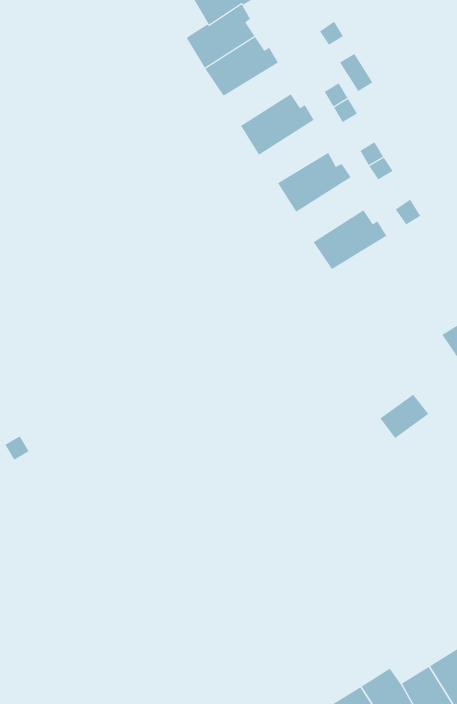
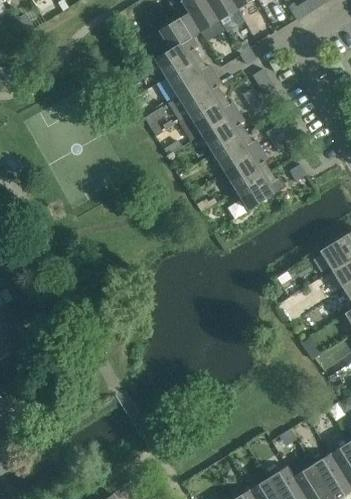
building: none -> [178,75,222,116]
building: none -> [201,112,246,153]
building: none -> [225,149,269,191]

